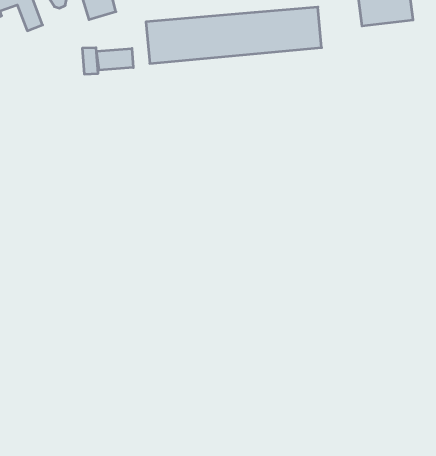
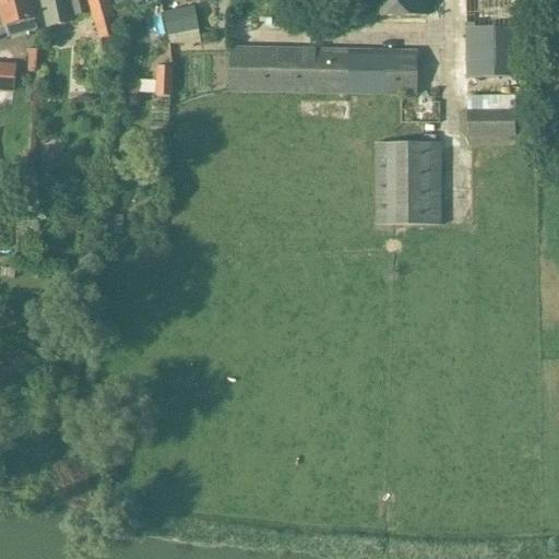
building: [97,48,133,70] -> none
building: none -> [466,107,514,133]
building: none -> [374,140,440,223]

